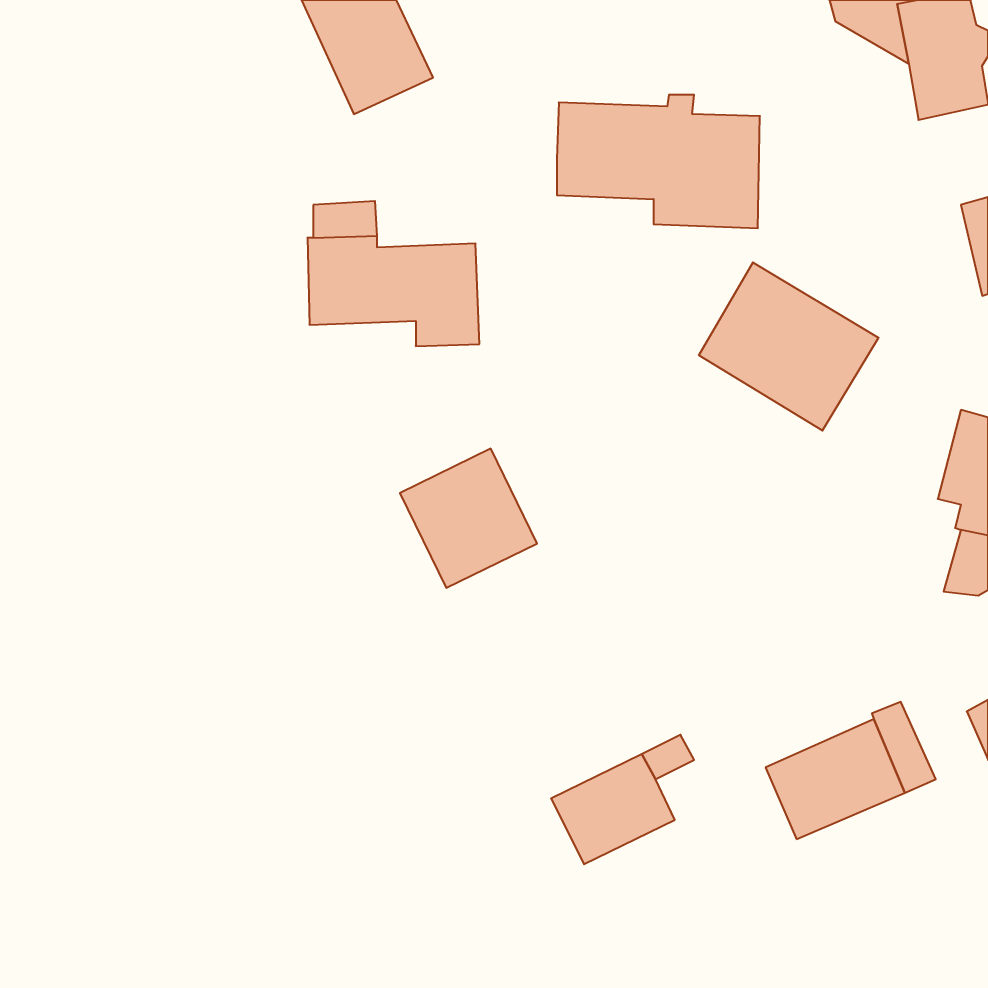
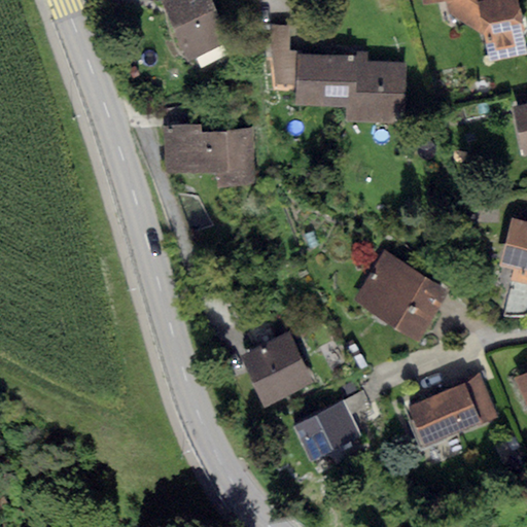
building: none -> [271,25,297,84]
building: [699,262,879,431] -> [353,251,449,341]
building: [400,449,537,588] -> [240,332,313,407]

